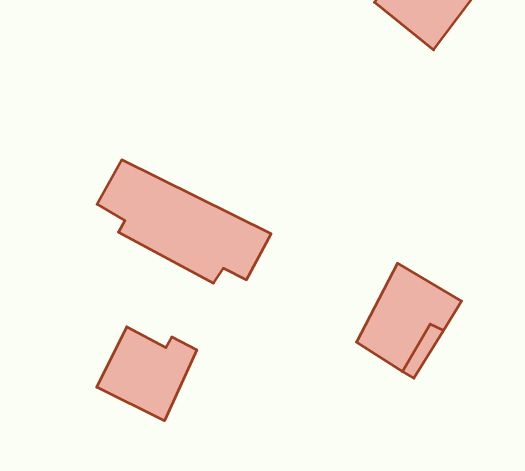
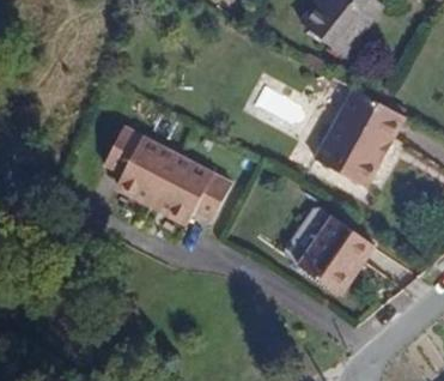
building: none -> [316,91,407,188]
building: [97,327,197,421] -> none

